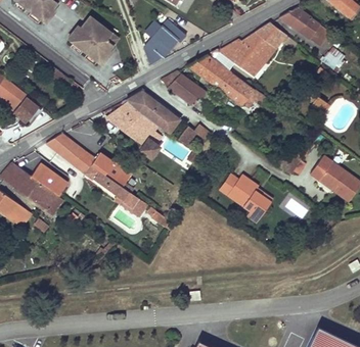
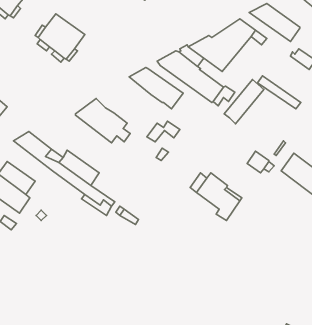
building: [142,19,186,64] -> none
building: none -> [224,79,264,124]
building: [126,90,180,133] -> none

